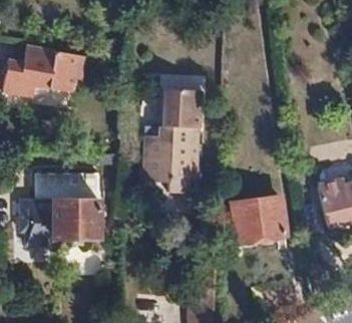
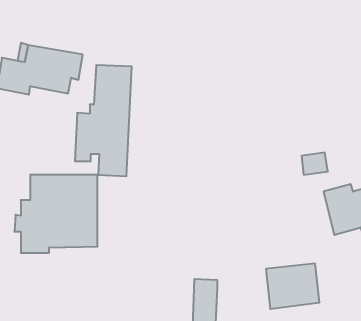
building: [146,86,201,192] -> [75,65,132,176]
building: [233,200,284,243] -> [266,264,319,309]

